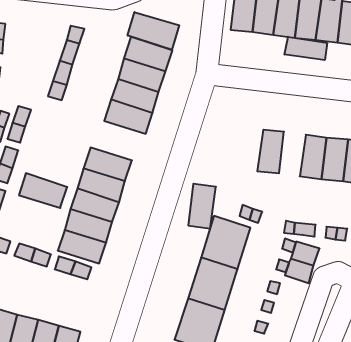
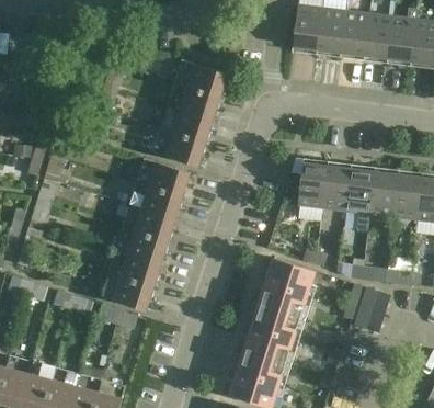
building: [128,12,179,50] -> none
building: [285,37,327,60] -> none
building: none -> [346,165,376,214]
building: [19,173,67,208] -> [137,158,191,196]
building: [188,184,216,228] -> [298,159,329,208]

